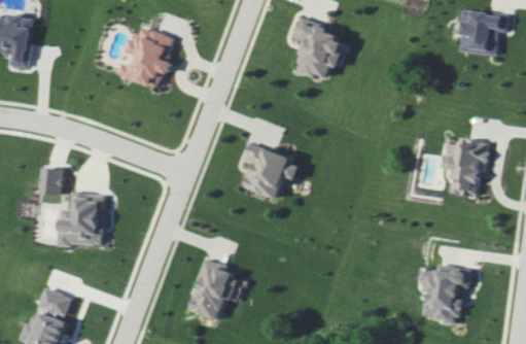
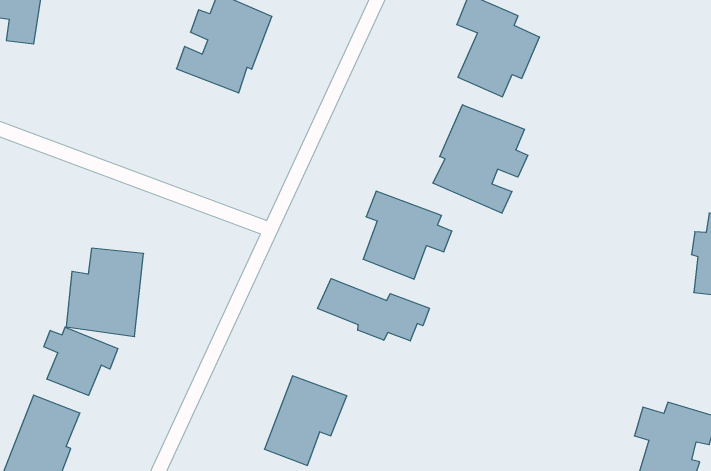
building: none -> [433,105,528,213]
building: [43,167,66,195] -> none
building: none -> [318,279,430,341]
building: none -> [44,327,118,395]

